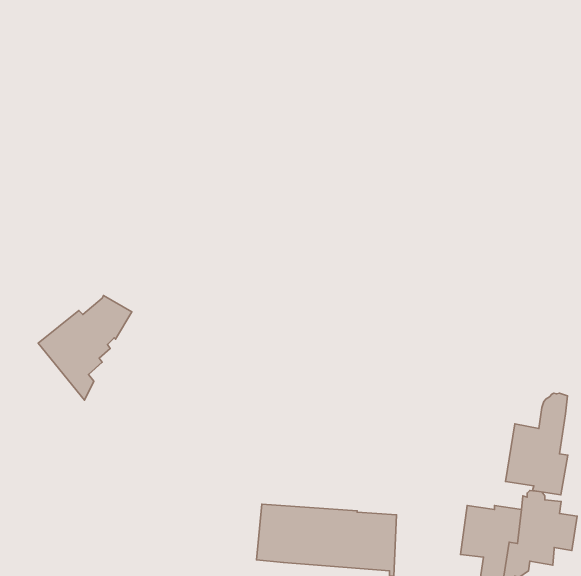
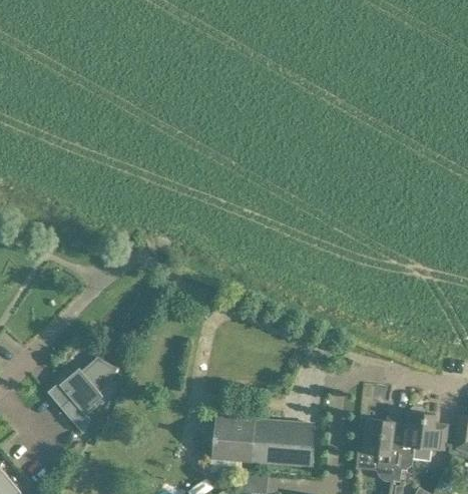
building: [38,296,132,400] -> [48,358,117,435]
building: [505,393,568,495] -> none

